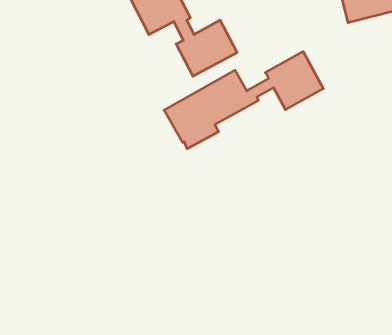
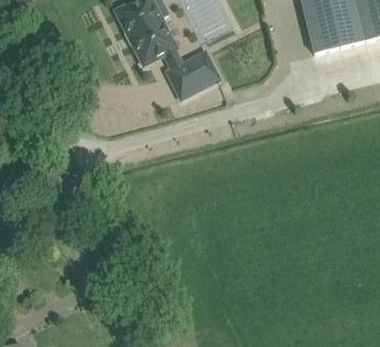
building: [164,52,323,149] -> none

